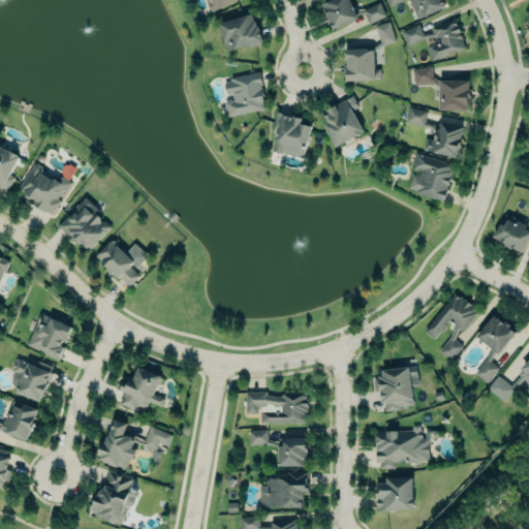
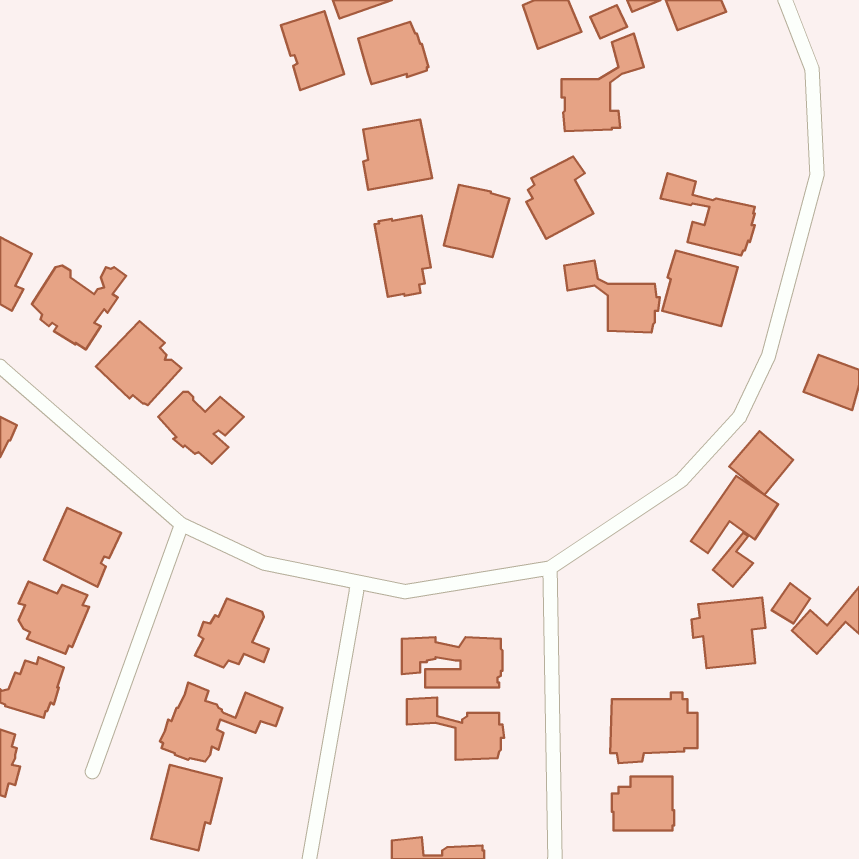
building: none -> [281,11,344,90]
building: [402,19,465,61] -> none
building: [413,66,472,111] -> [564,260,660,333]
building: none -> [375,216,431,297]
building: [475,315,515,354] -> [729,431,793,495]
building: [373,367,418,410] -> [691,598,765,668]
building: [260,472,311,507] -> none

